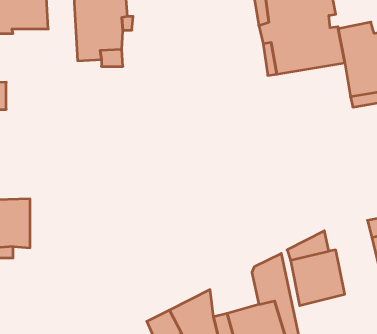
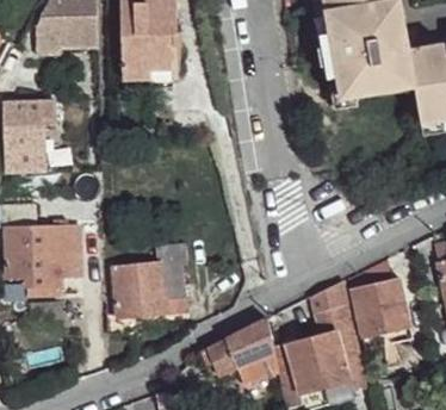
building: none -> [109,248,190,319]

